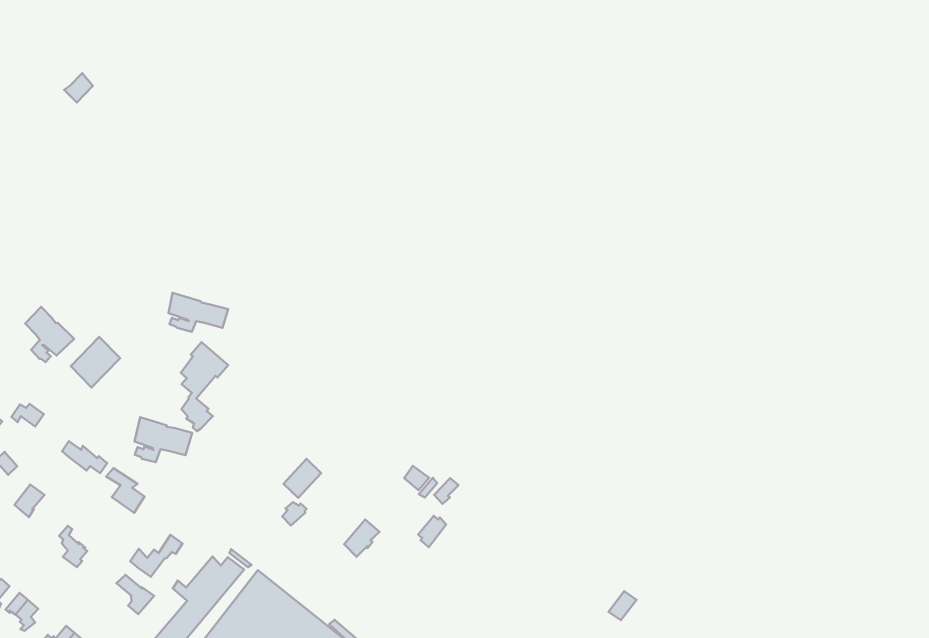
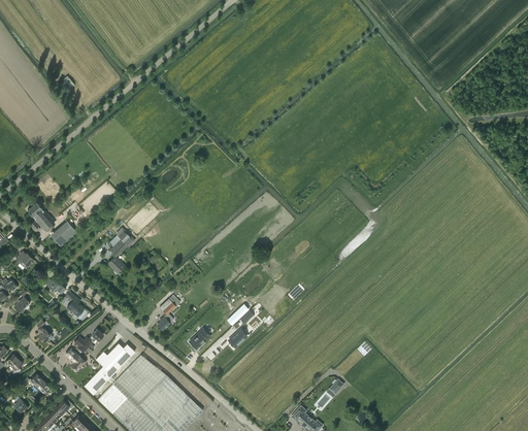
building: [168,293,228,332] -> none
building: [135,417,192,462] -> none

